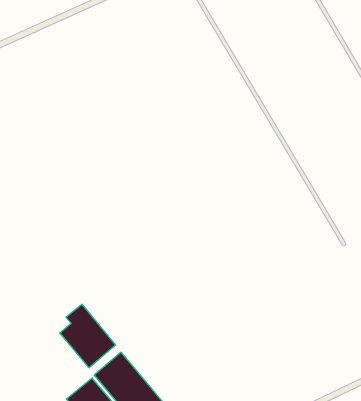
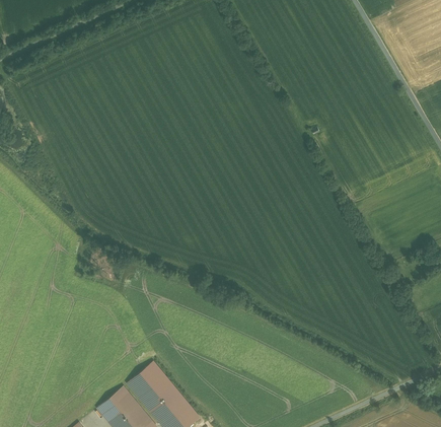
building: [60,304,115,368] -> none

